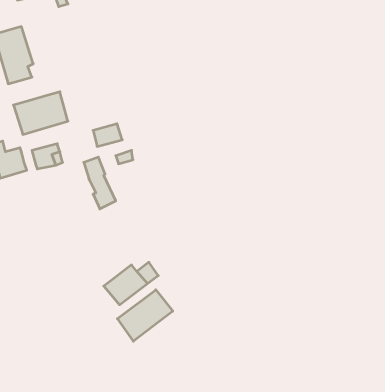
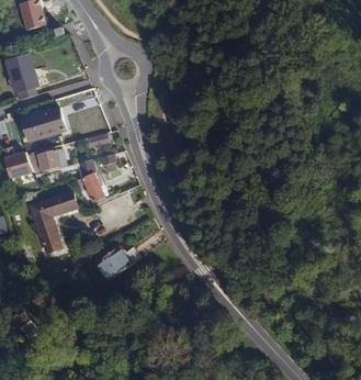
building: none -> [30,192,77,254]
building: [117,290,173,341] -> none

